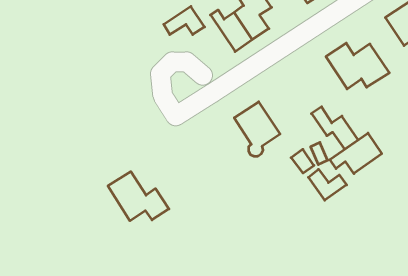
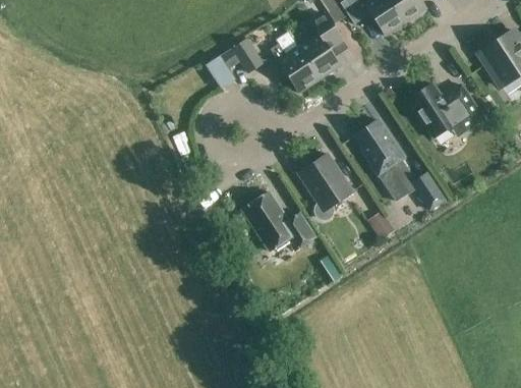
building: none -> [354,119,404,175]
building: [330,133,382,174] -> none
building: [308,169,347,200] -> none
building: [108,172,169,221] -> [242,191,315,251]

